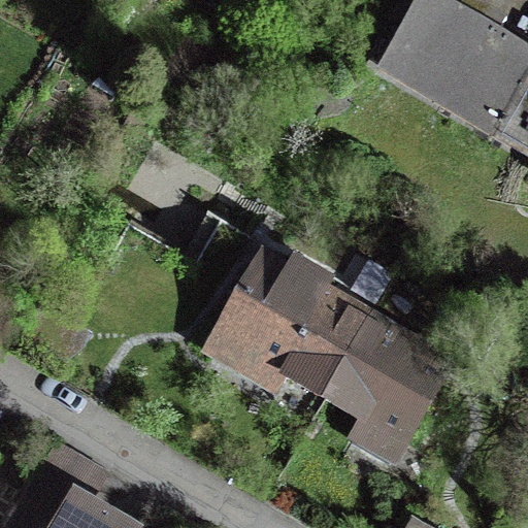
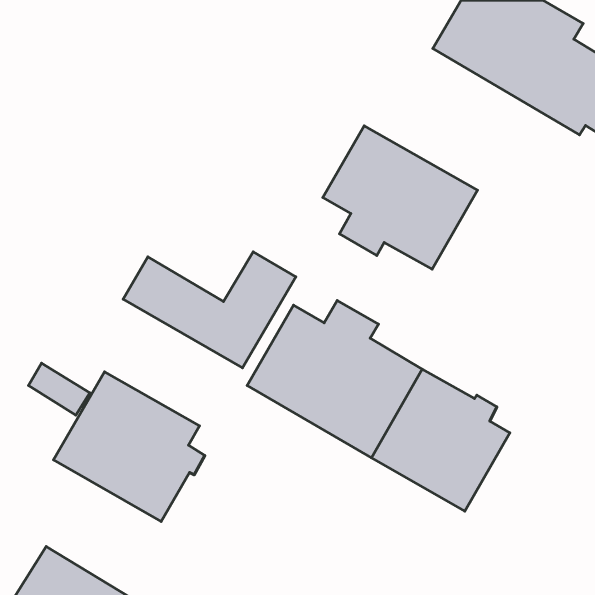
building: none -> [323,126,478,269]
building: none -> [54,372,205,522]

